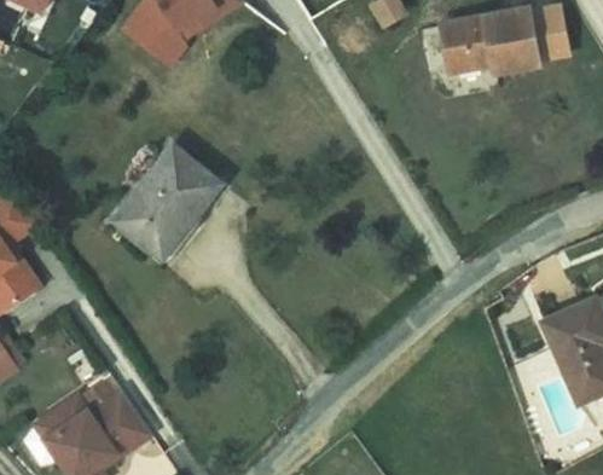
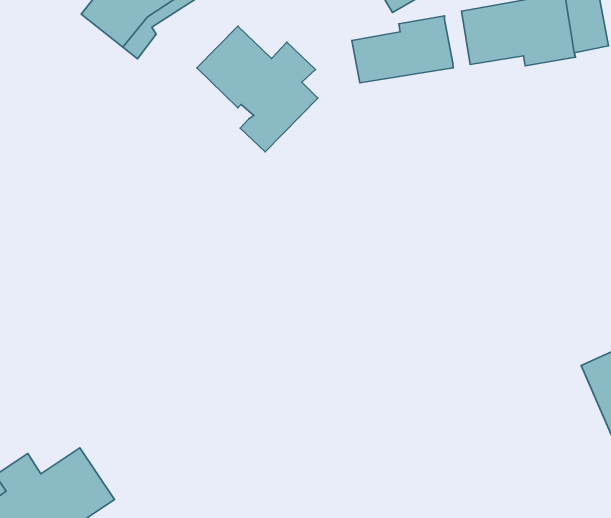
building: none -> [352,16,453,83]
building: none -> [197,26,318,152]
building: [115,146,220,257] -> none

